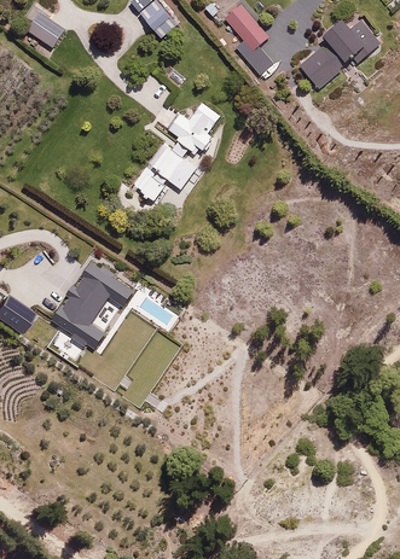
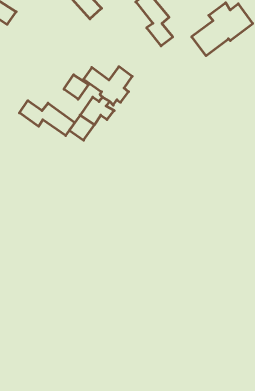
building: none -> [64,75,89,99]
building: none -> [19,101,75,136]
building: [56,267,131,347] -> none

